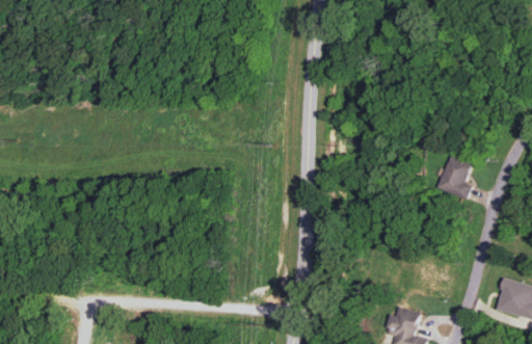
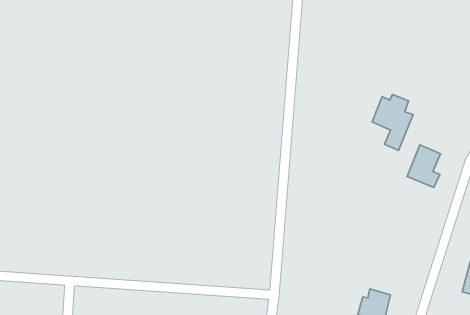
building: none -> [372,95,413,150]

